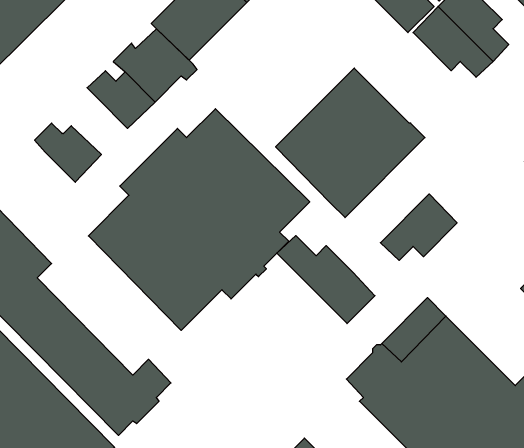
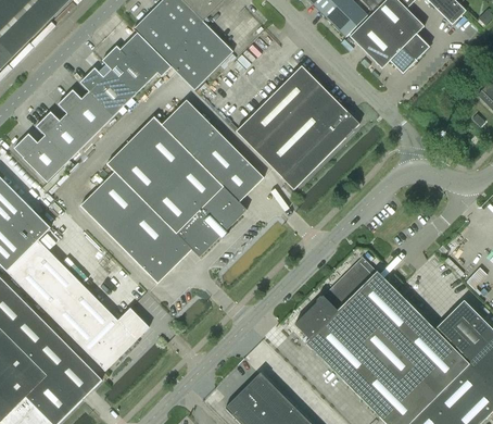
building: none -> [164,21,232,89]
building: none -> [58,89,113,137]
building: none -> [13,133,69,182]
building: [380,194,457,260] -> none
building: [277,236,375,324] -> none

